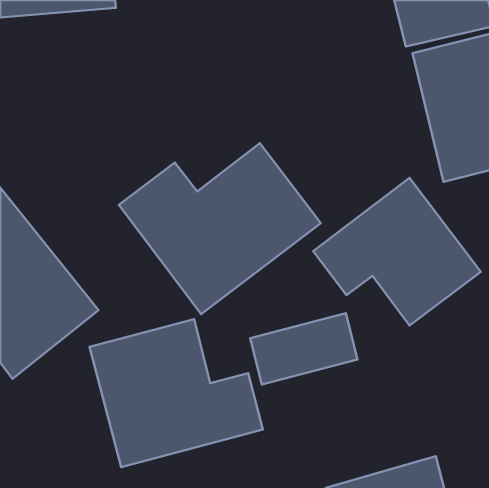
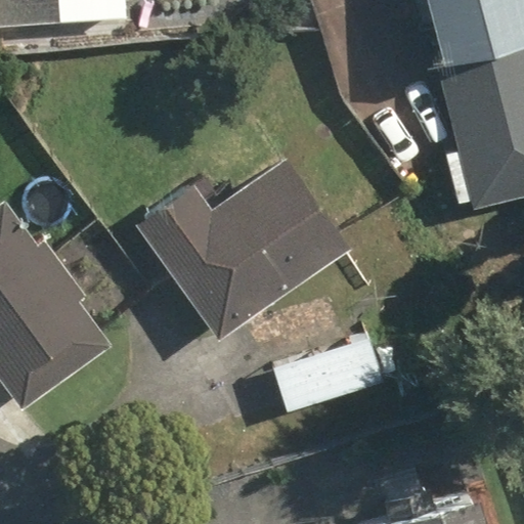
building: [313,178,481,326] -> none
building: [90,319,263,467] -> none

